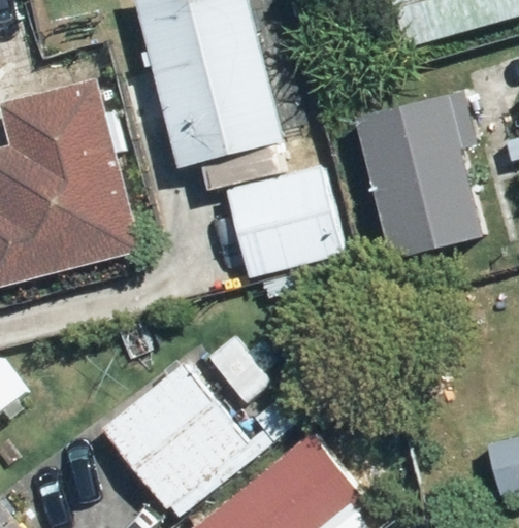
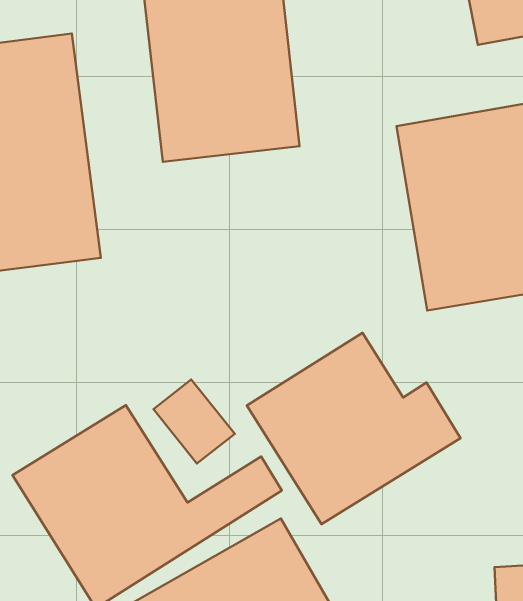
building: [226,169,335,276] -> none
building: none -> [247,333,461,524]

